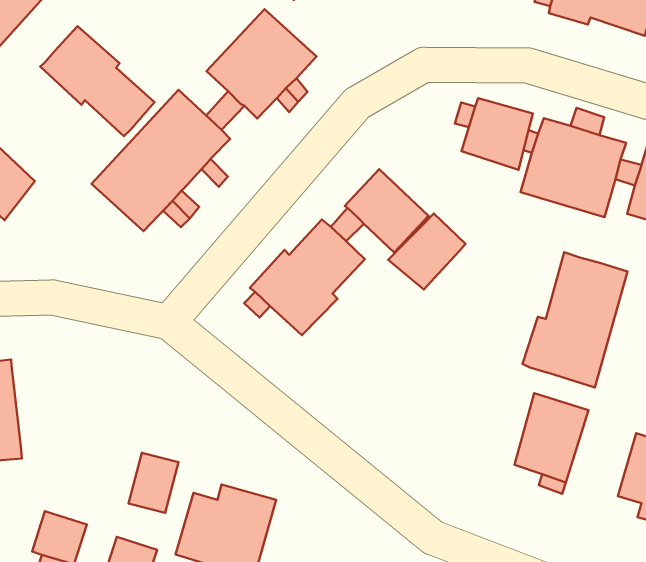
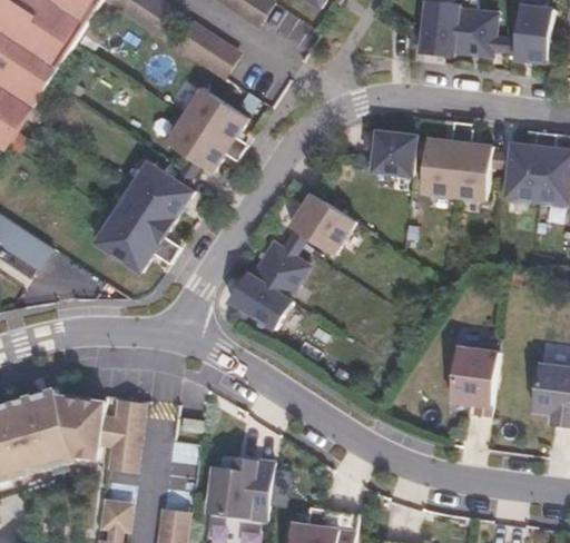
building: [40,26,154,136] -> none
building: [388,213,466,290] -> none
building: [522,252,628,387] -> none
building: none -> [57,392,108,457]
building: none -> [105,398,148,474]

